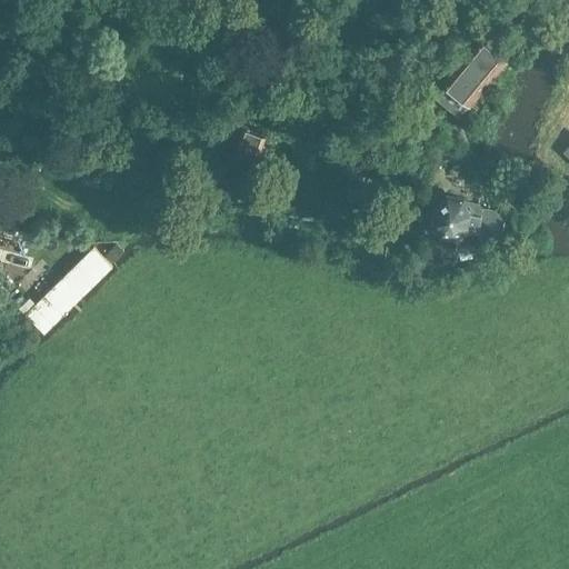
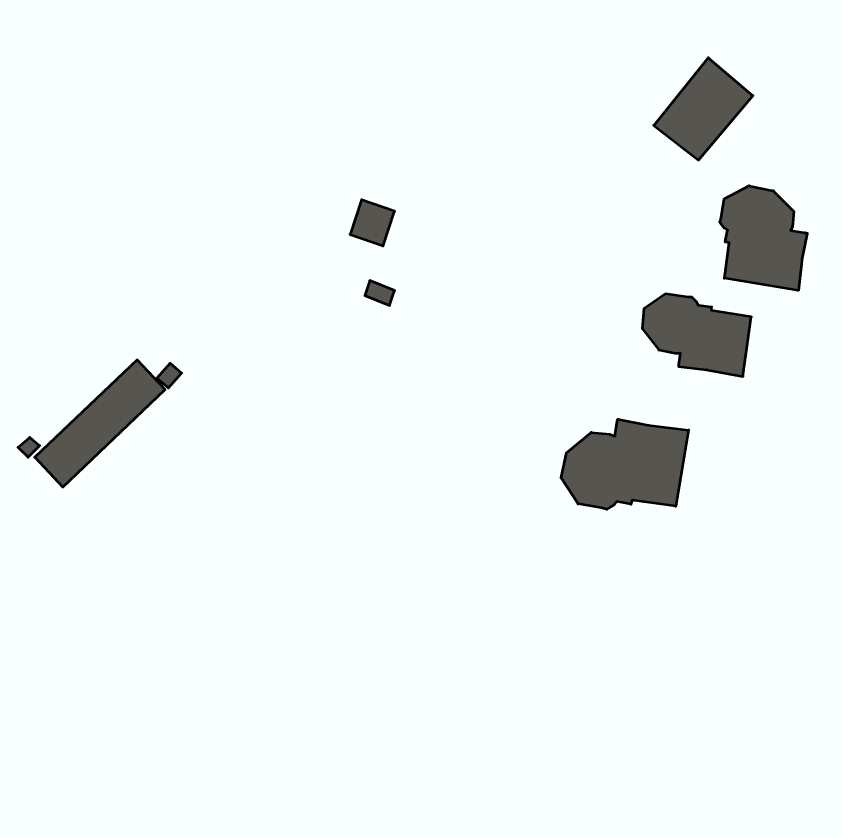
building: none -> [720,186,807,290]
building: none -> [561,419,689,509]

